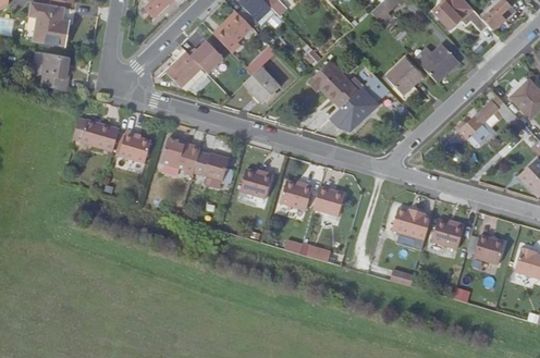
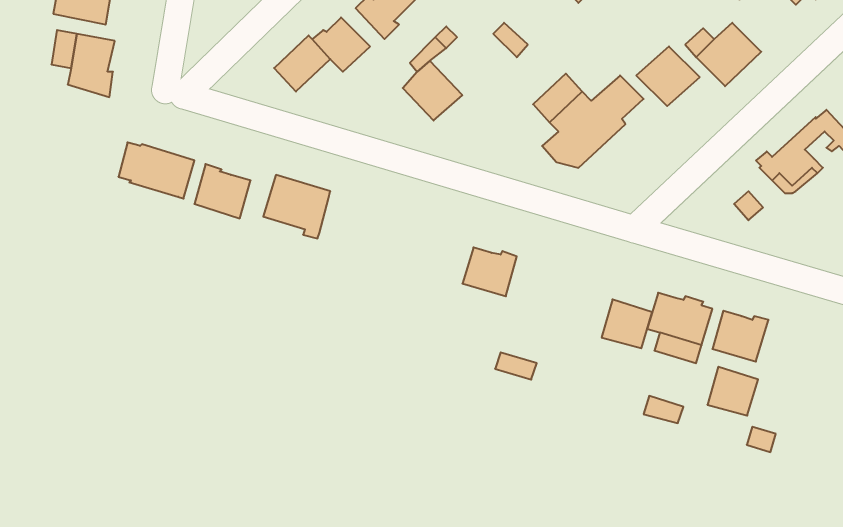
building: [307,62,342,94] -> none
building: [194,150,229,180] -> none
building: [240,168,271,197] -> none
building: [314,185,344,214] -> [602,299,652,348]
building: [474,234,504,263] -> [707,367,758,416]

